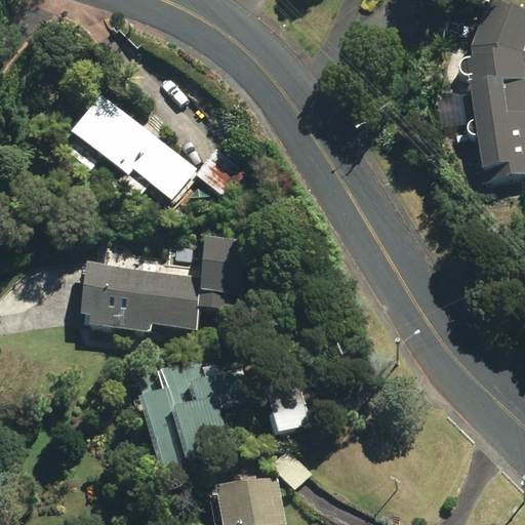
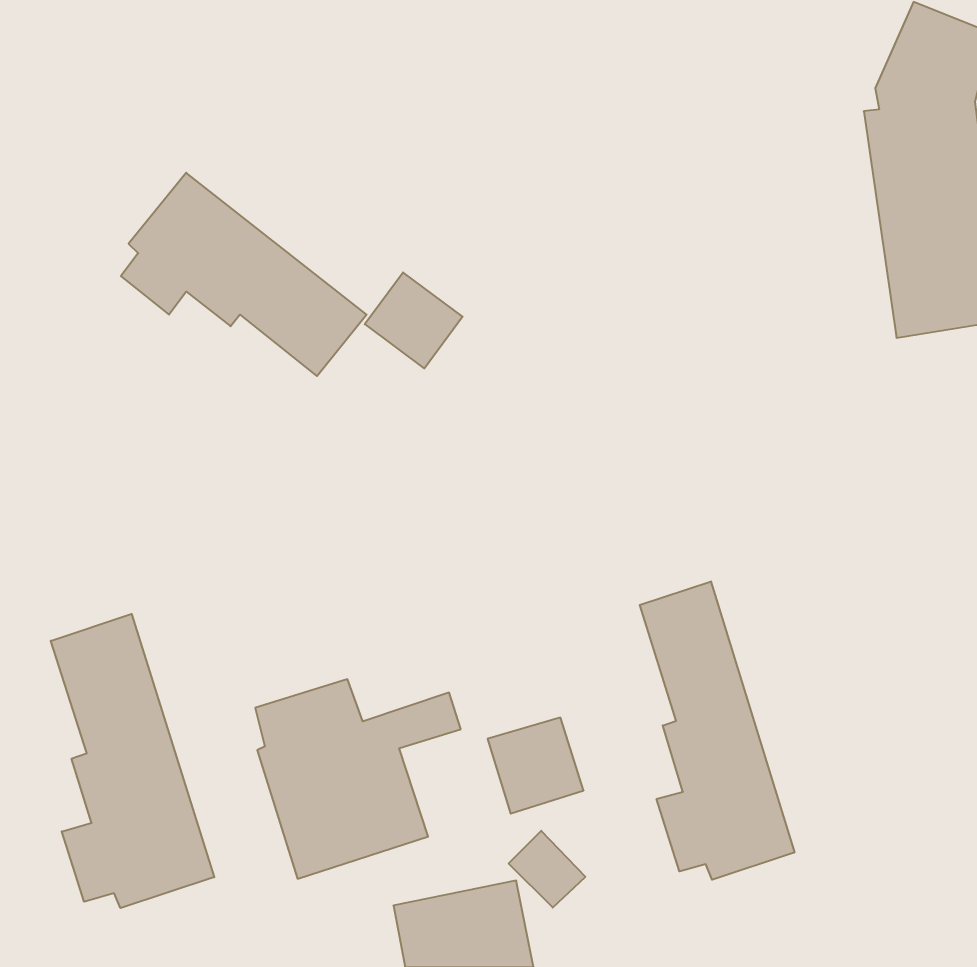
building: [79,237,247,332] -> none
building: none -> [640,581,794,880]
building: none -> [51,614,214,908]

